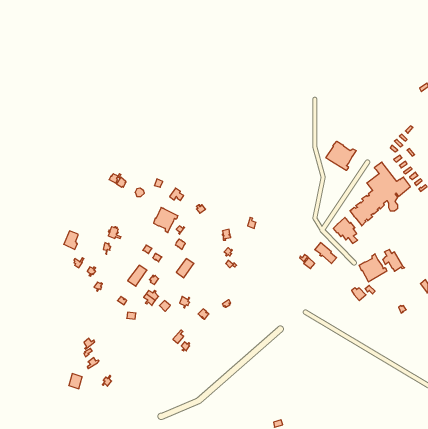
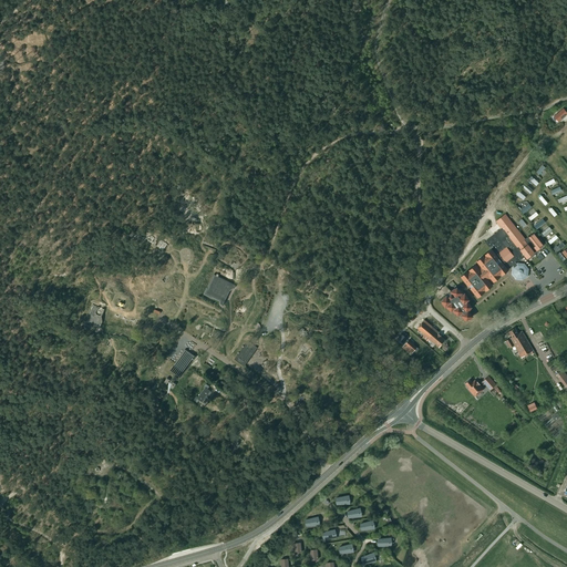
building: [326,141,356,170] -> none
building: [359,254,387,282] -> none

